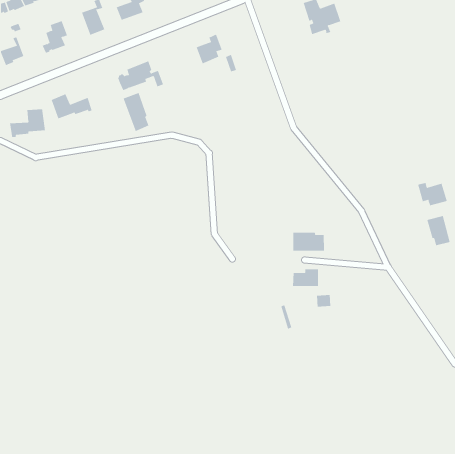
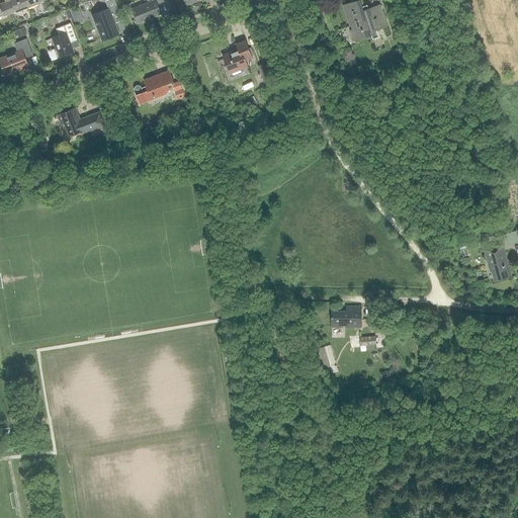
building: [123,92,149,132] -> none
building: [9,109,45,138] -> none
building: [417,182,448,206] -> none
building: [293,232,325,251] -> none

